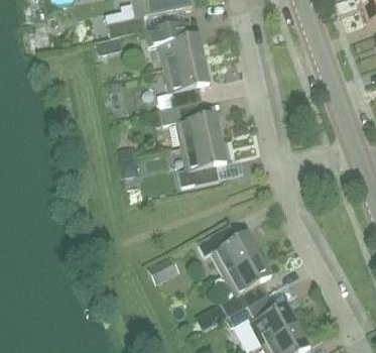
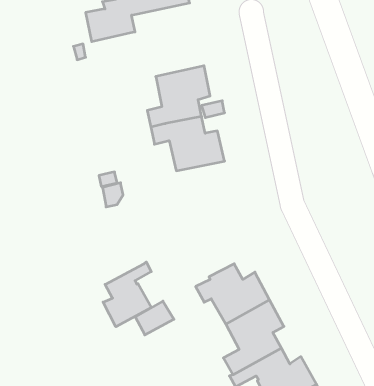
building: [147,22,206,68] -> none
building: [179,138,228,187] -> none
building: none -> [103,262,151,327]

